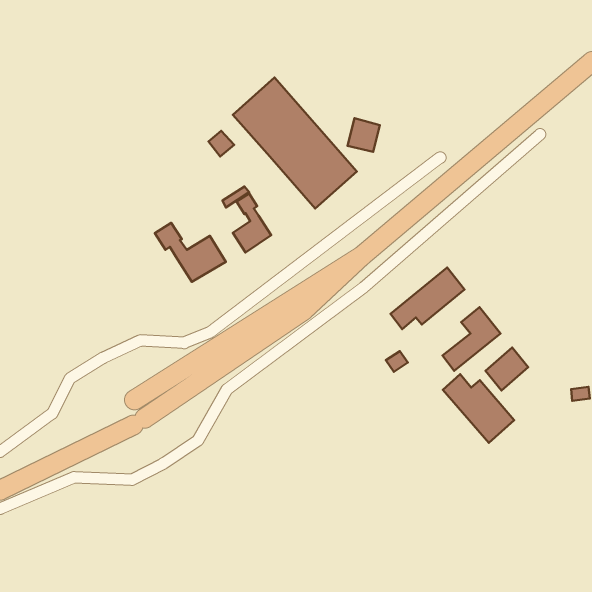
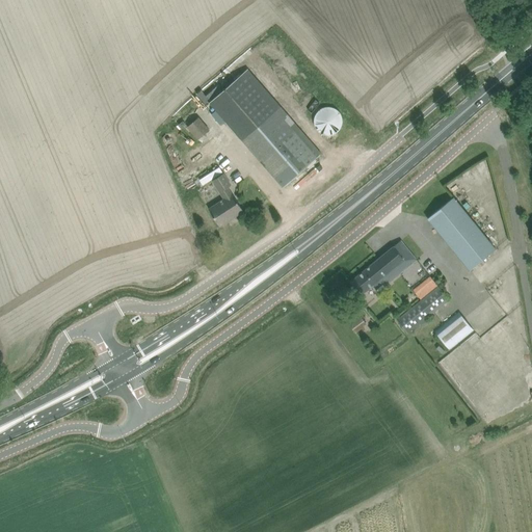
building: none -> [427,197,496,270]
building: [155,223,226,282] -> none
building: [443,374,514,443] -> none

